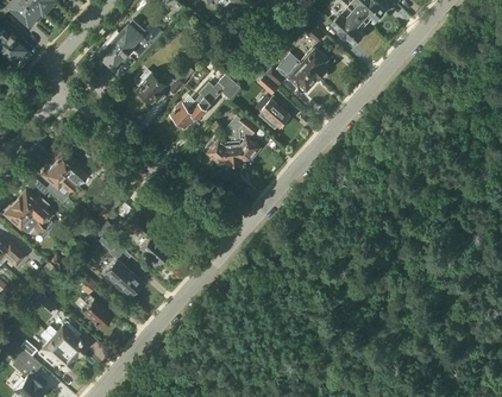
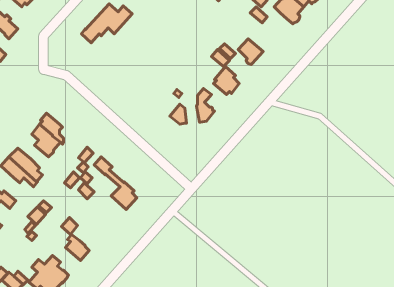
building: [301,48,331,80] -> none
building: [139,70,184,105] -> none
building: [172,74,241,127] -> none
building: [225,114,247,165] -> none
building: [102,259,142,296] -> none

